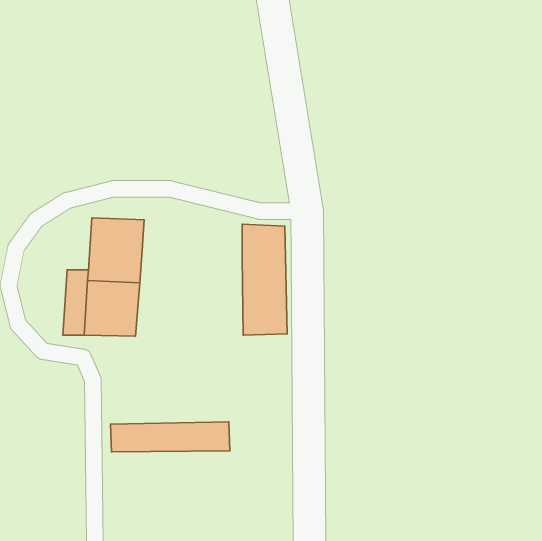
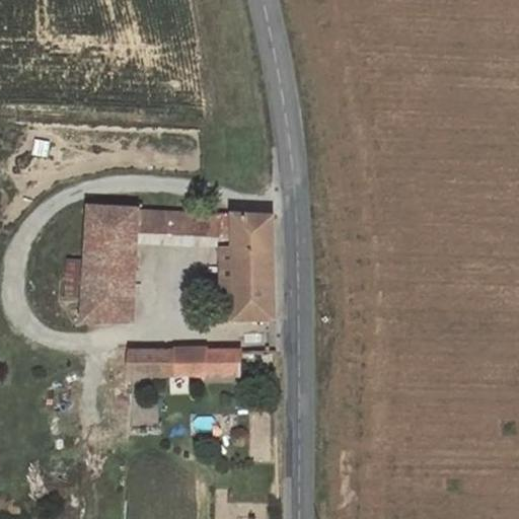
building: none -> [135,209,230,245]
building: [110,422,230,452] -> [129,347,242,375]

